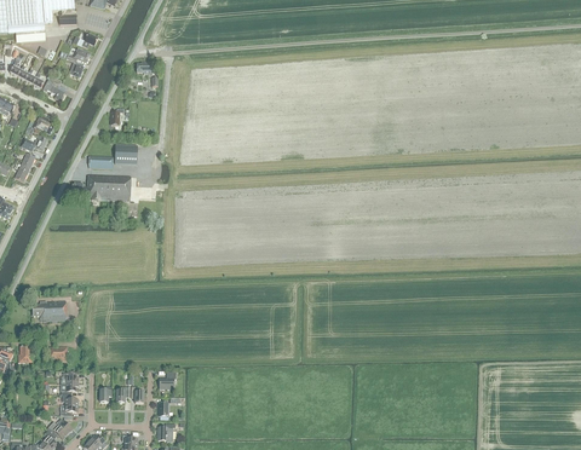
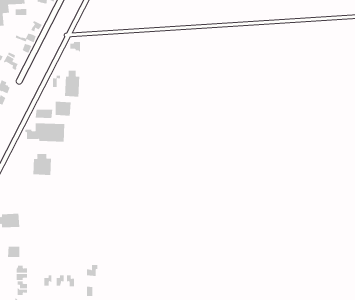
building: none -> [64,70,80,98]
building: none -> [33,153,51,176]

